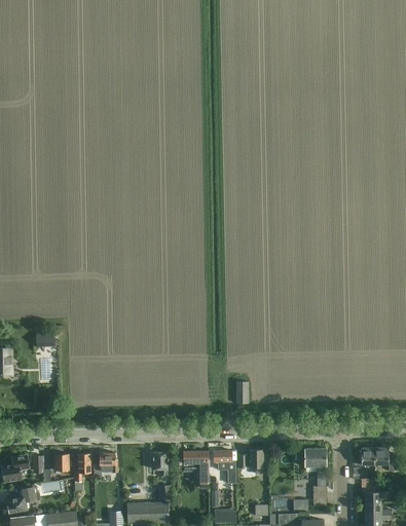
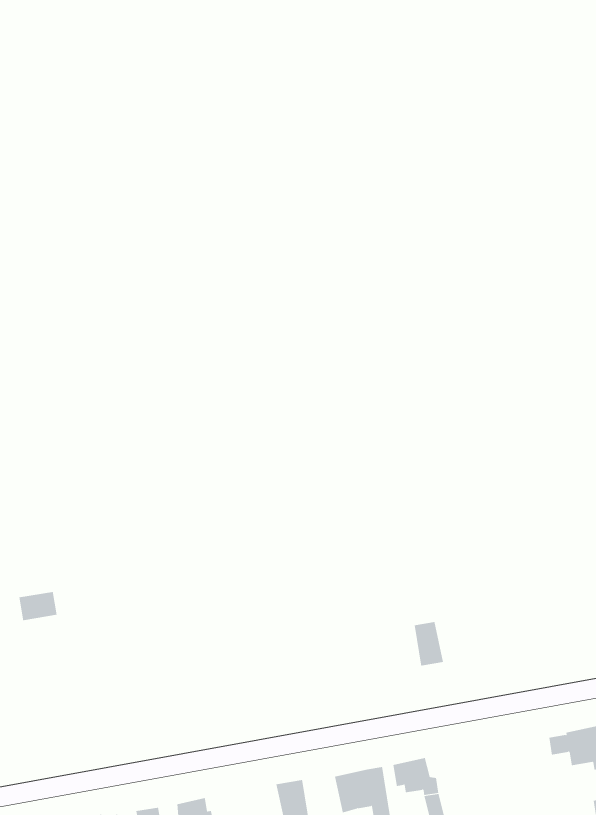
building: [237,450,263,473] -> none

